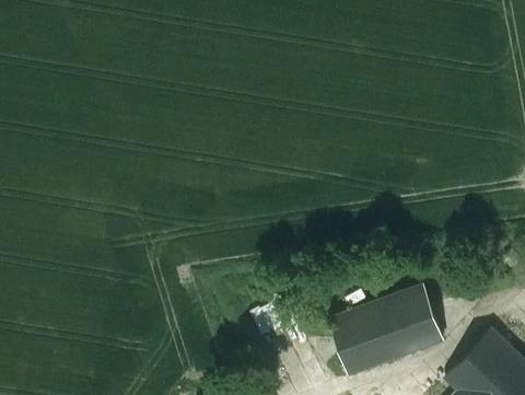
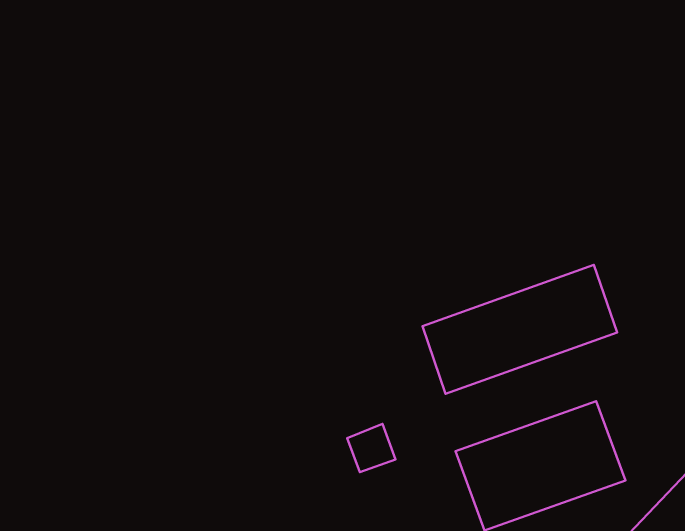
building: none -> [422,265,617,394]

